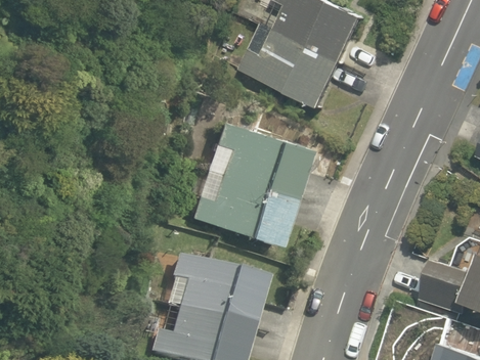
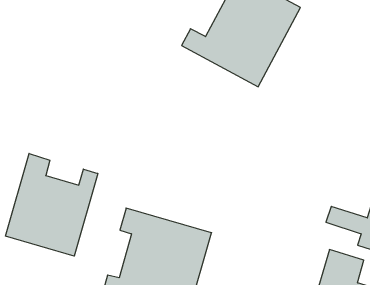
building: [185,119,315,246] -> none
building: none -> [5,153,98,256]

